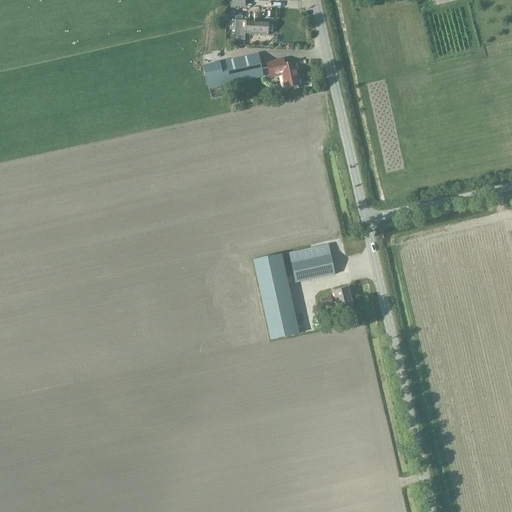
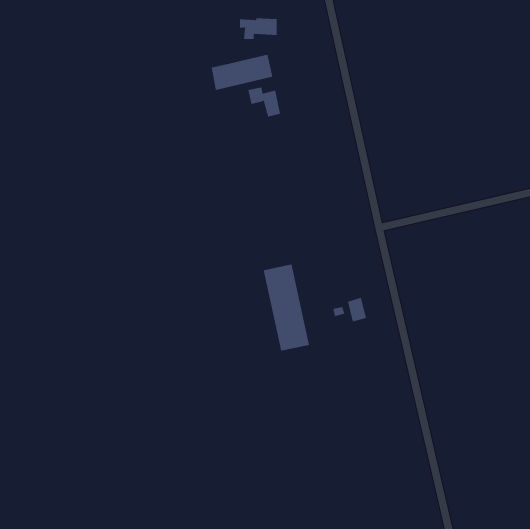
building: [268,59,300,88] -> [248,87,281,117]
building: [290,244,335,280] -> none

